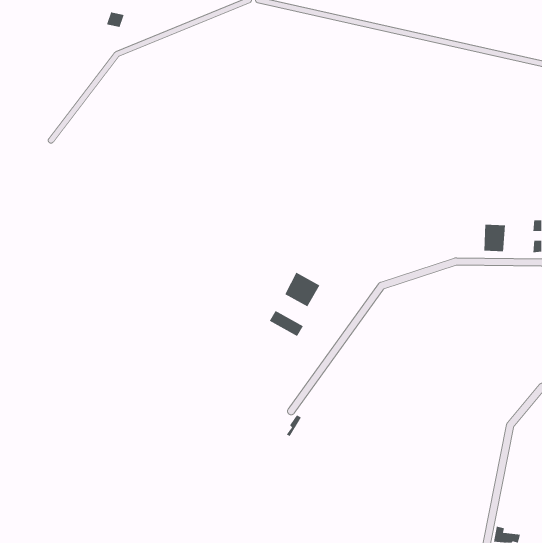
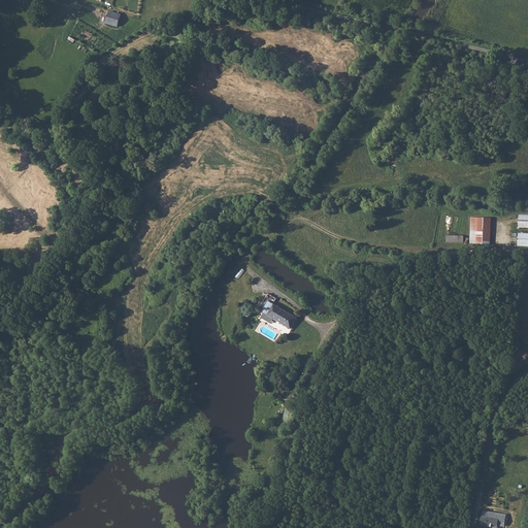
building: [285,272,320,307] -> none

